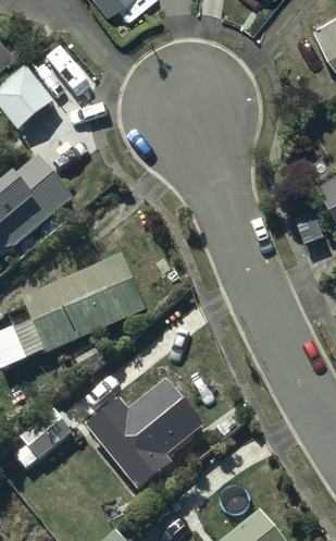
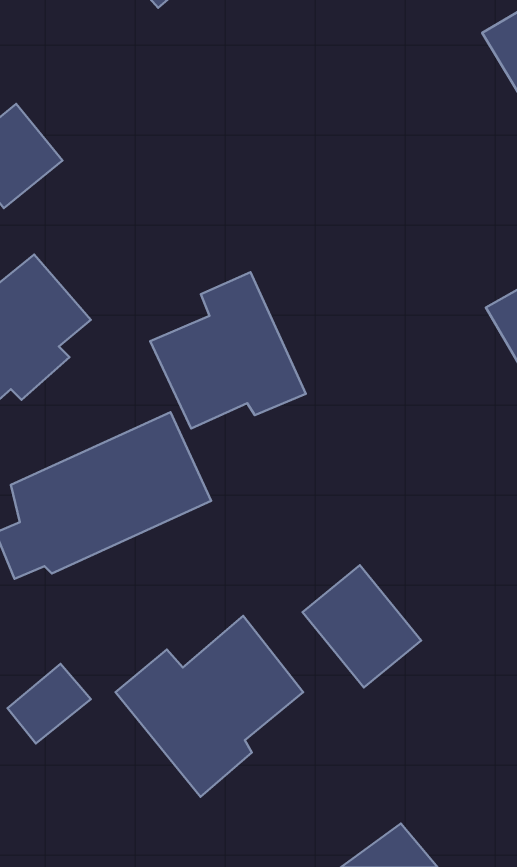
building: none -> [150,272,306,428]
building: none -> [303,565,421,688]

